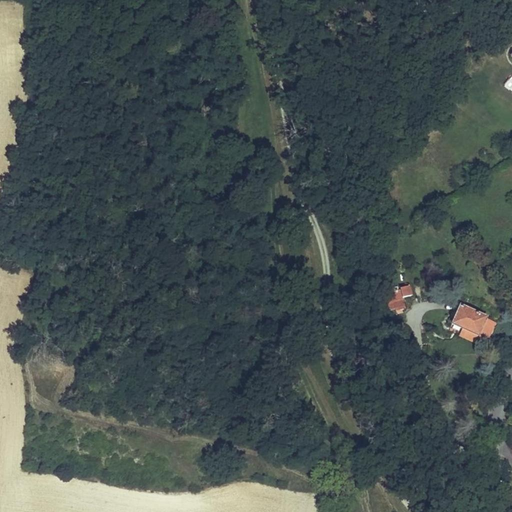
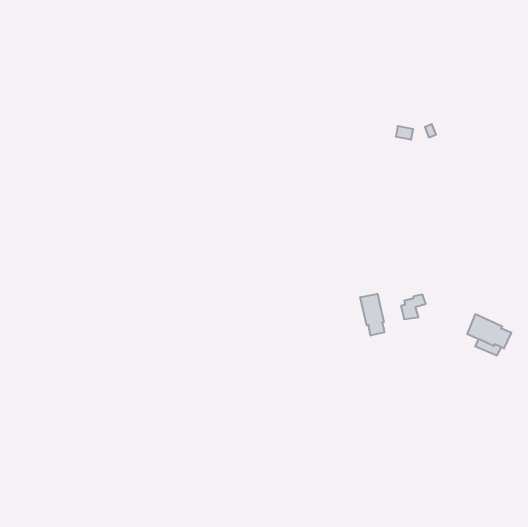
building: none -> [360,294,384,336]

